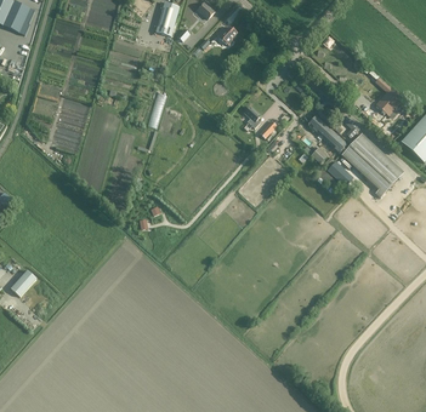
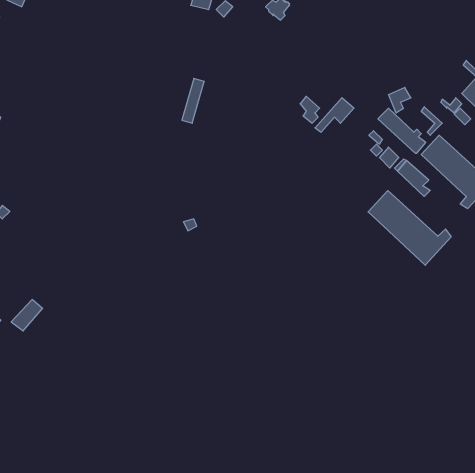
building: none -> [368,191,451,265]

